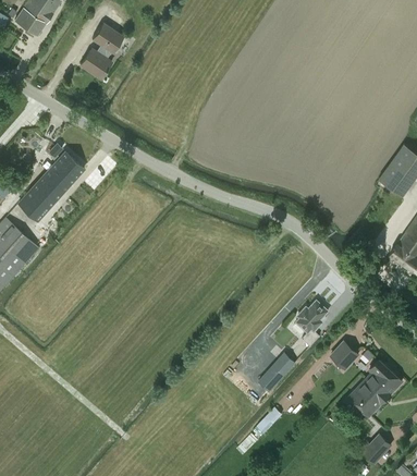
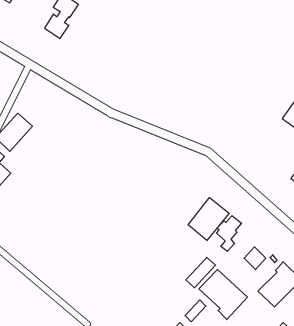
building: [46,145,83,190] -> none
building: none -> [188,198,229,240]
building: none -> [199,270,247,320]

